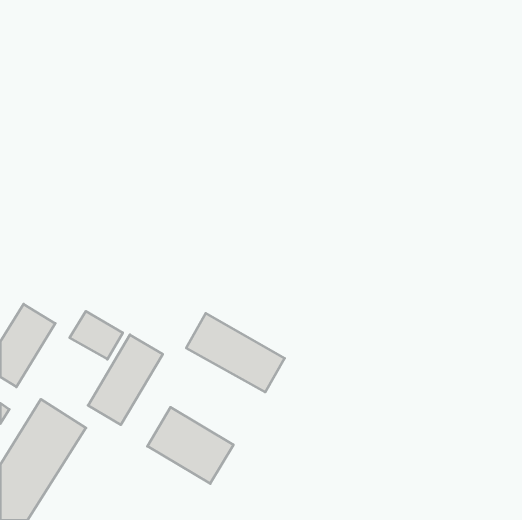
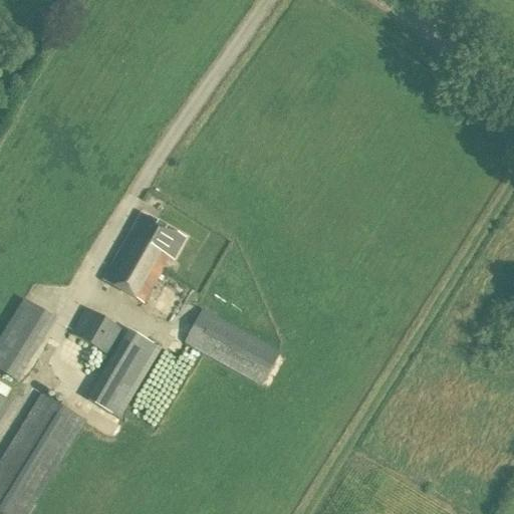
building: none -> [104,211,184,299]
building: [147,407,233,484] -> none

